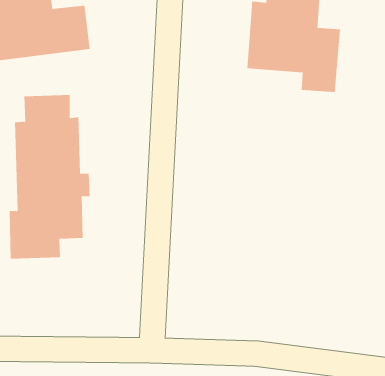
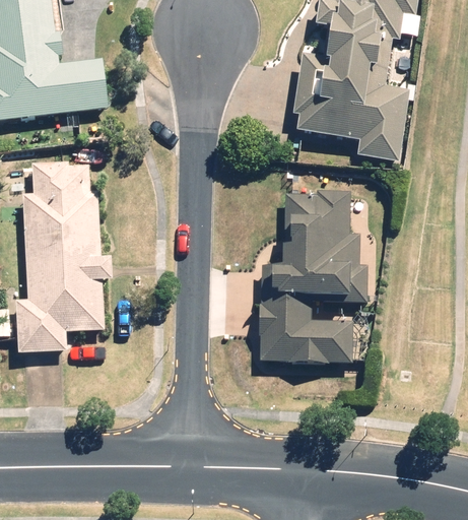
building: none -> [259,186,373,365]

